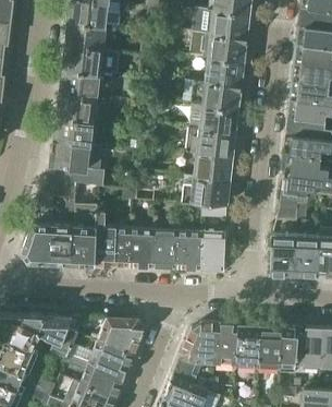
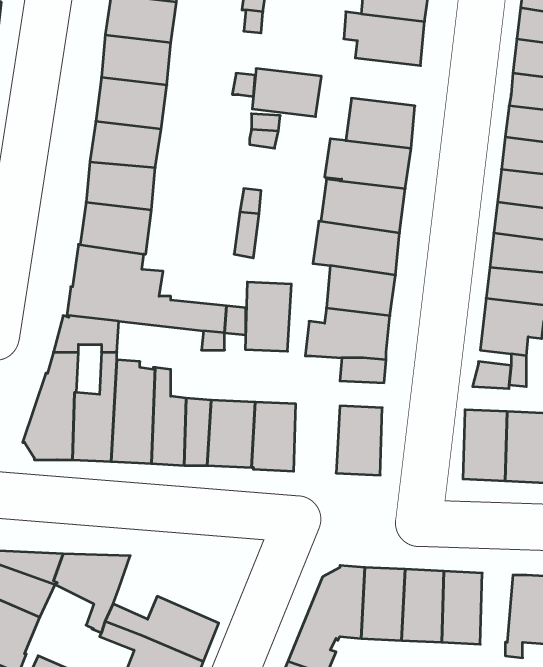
building: [208,35,247,62] -> [252,69,321,117]
building: [175,231,201,271] -> [245,282,291,351]
building: [98,319,145,356] -> none
building: [280,327,299,374] -> none

